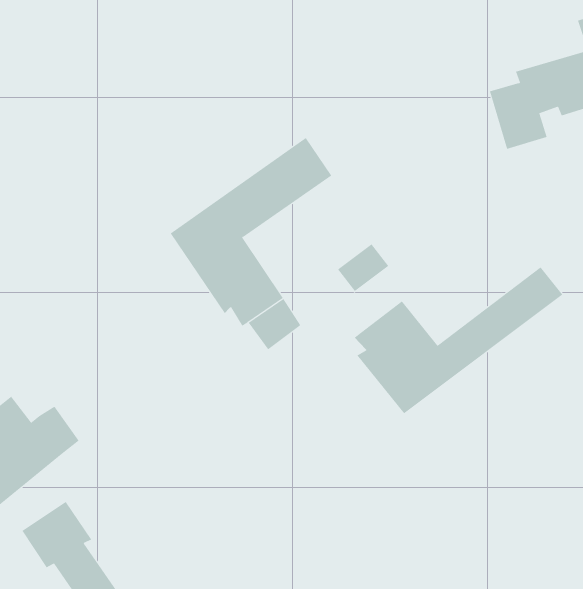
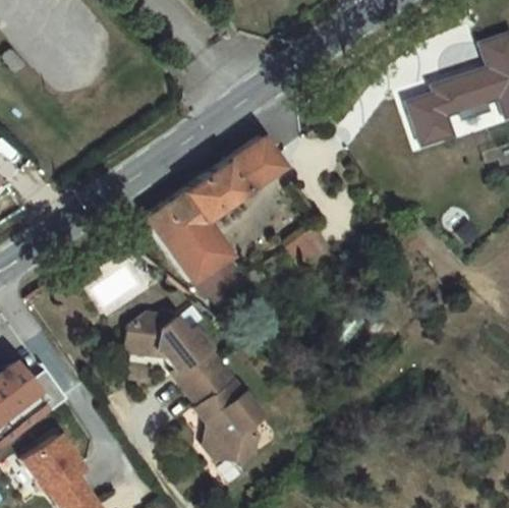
building: [354,267,563,414] -> none
building: none -> [126,316,263,460]

